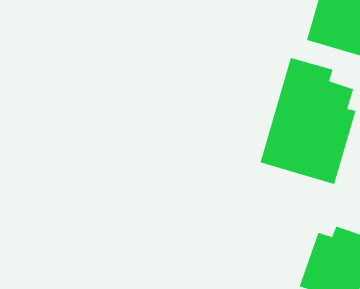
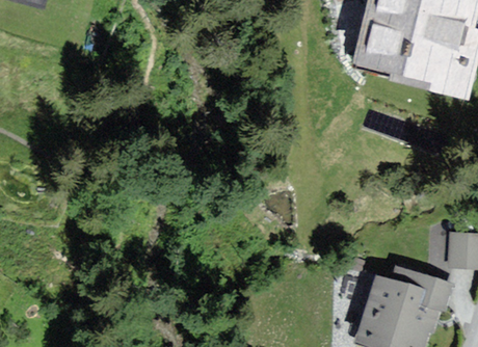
building: [260,57,356,185] -> none

